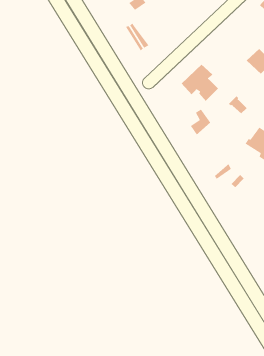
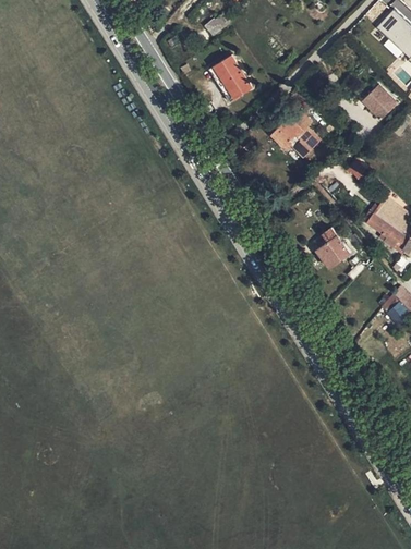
building: none -> [215,49,247,88]
building: [190,108,211,136] -> [314,224,342,260]

